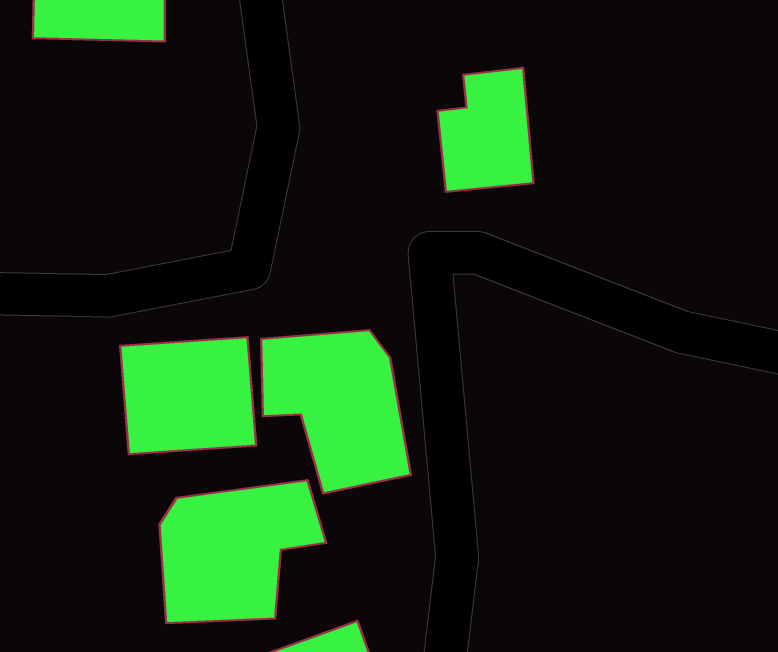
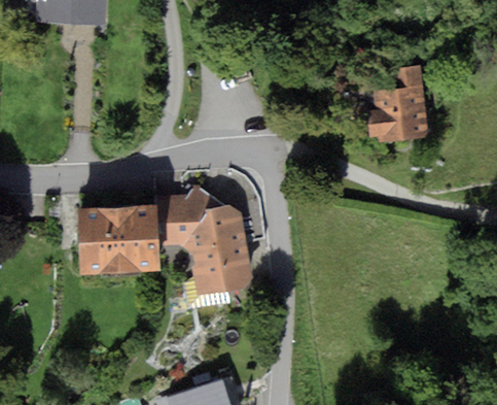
building: [437,68,534,192] -> [369,64,427,138]
building: [159,480,326,623] -> none

